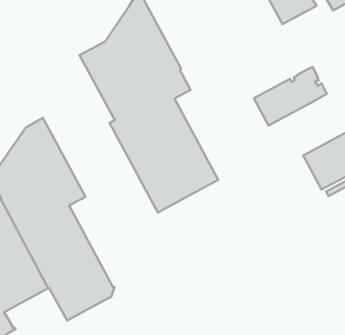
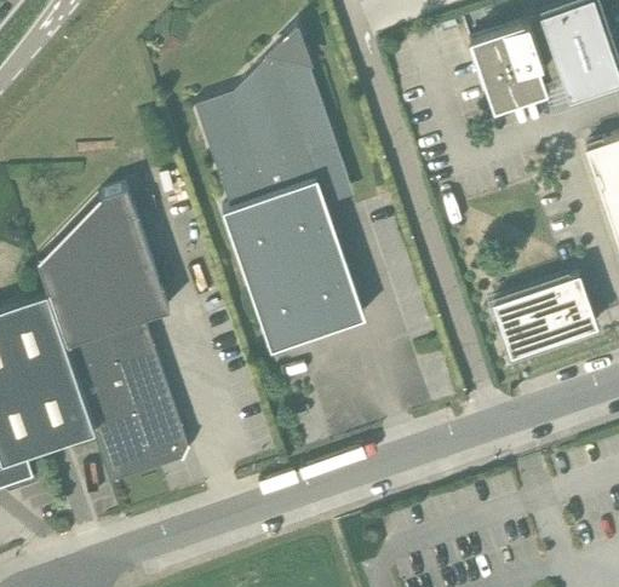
building: [254,67,327,125] -> none

